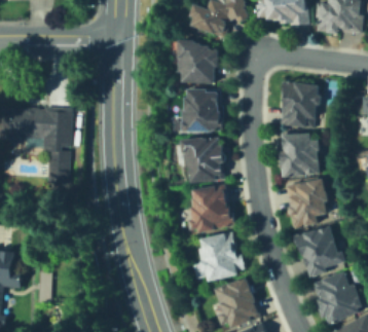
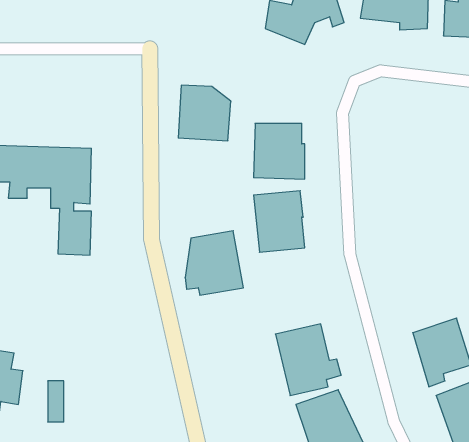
building: [180,43,217,82] -> [178,85,231,141]
building: [281,80,322,126] -> none
building: [281,135,317,174] -> none
building: [287,182,326,229] -> none
building: [190,186,231,231] -> [185,231,243,295]

